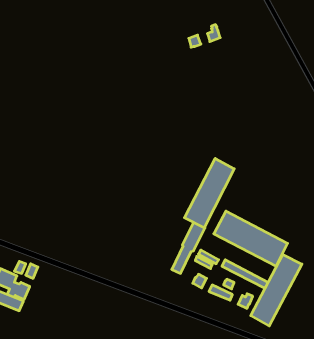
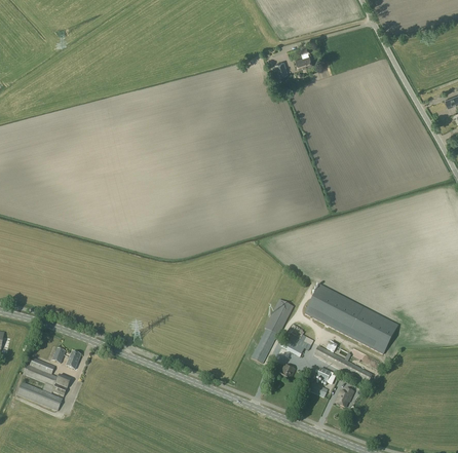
building: [184,158,234,228] -> none
building: [251,254,302,326] -> none

